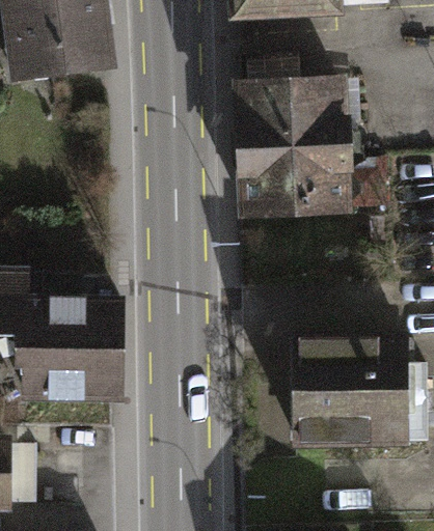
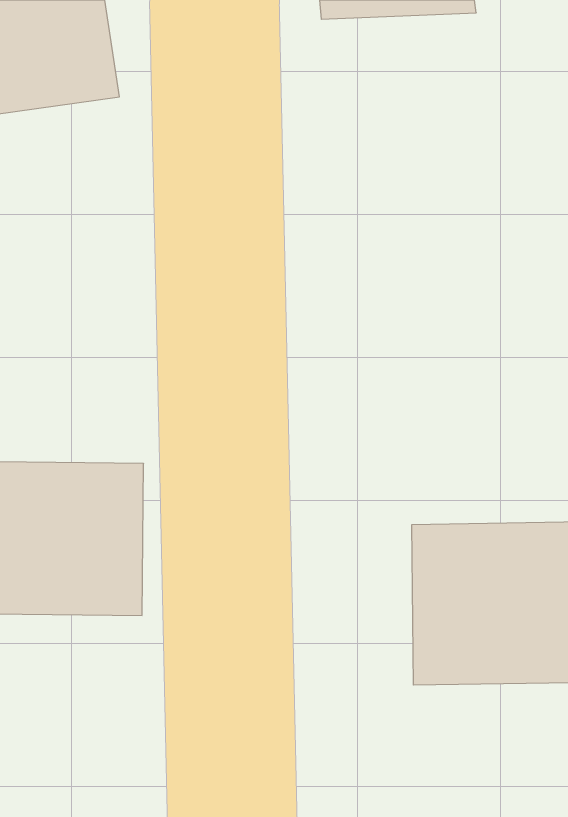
building: [237,83,343,213] -> none

